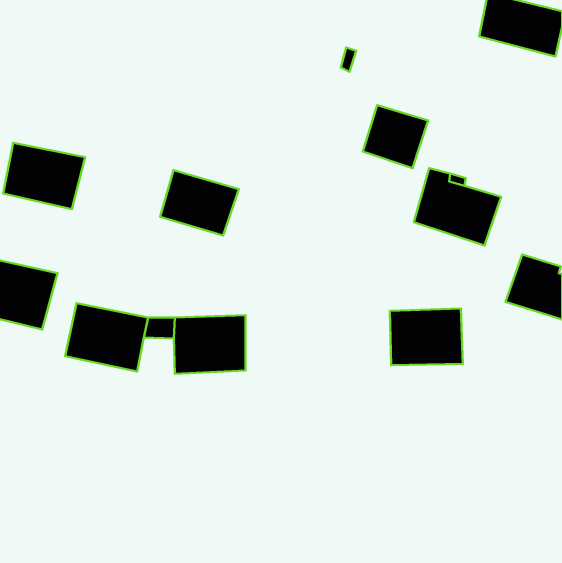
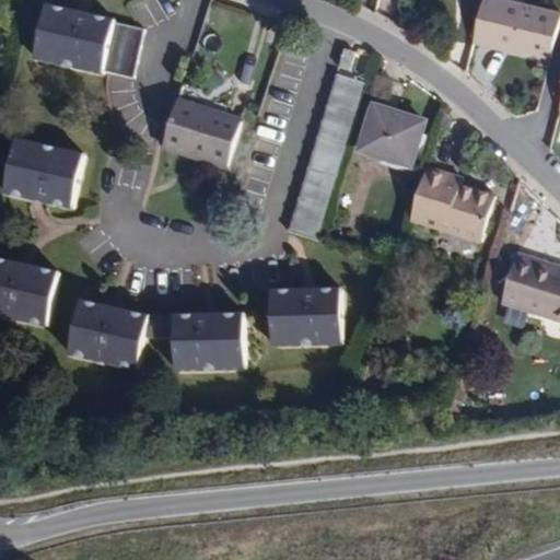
building: none -> [31,5,141,80]
building: none -> [285,73,364,238]
building: [160,170,239,236] -> [163,101,241,165]
building: [390,309,463,365] -> [269,288,341,343]

